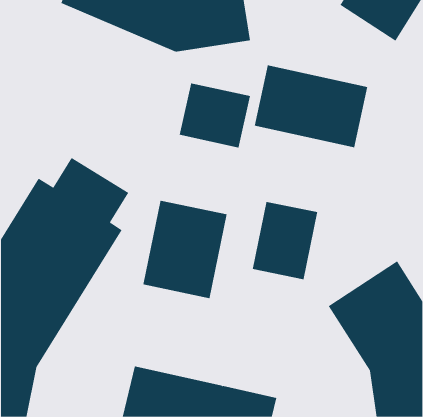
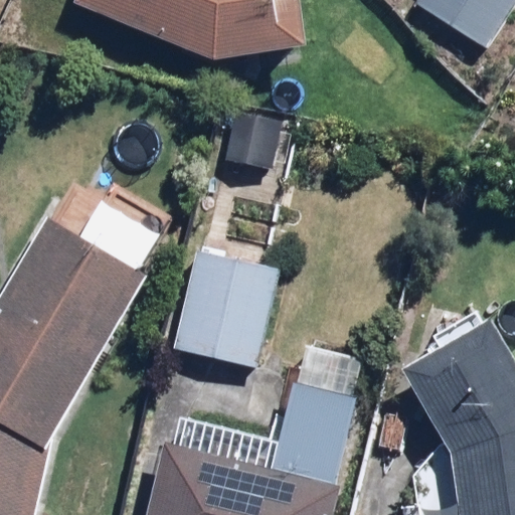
building: [254,65,368,148] -> none
building: [252,201,318,280] -> none
building: none -> [271,384,357,484]

